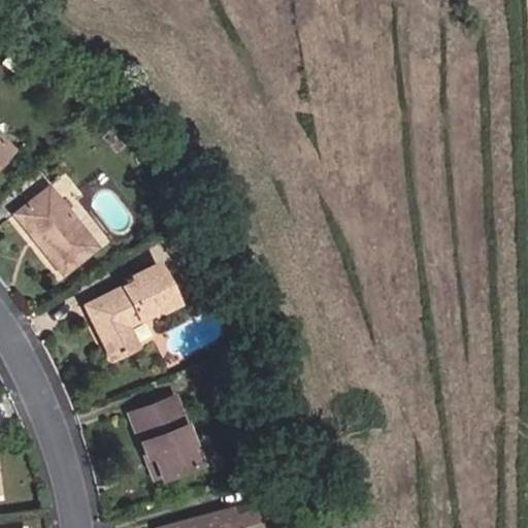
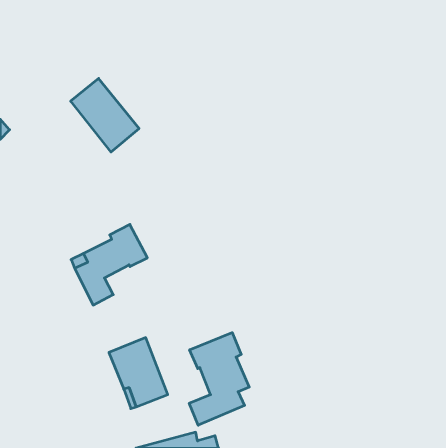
building: [15,188,96,274] -> [71,78,139,152]
building: none -> [189,333,249,425]

